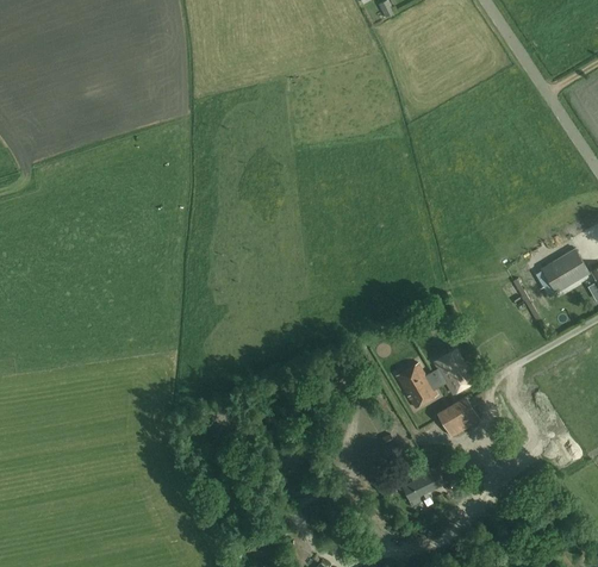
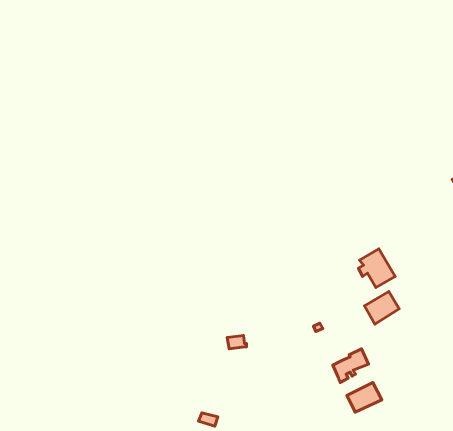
building: [395,363,436,409] -> none
building: none -> [347,383,382,412]

